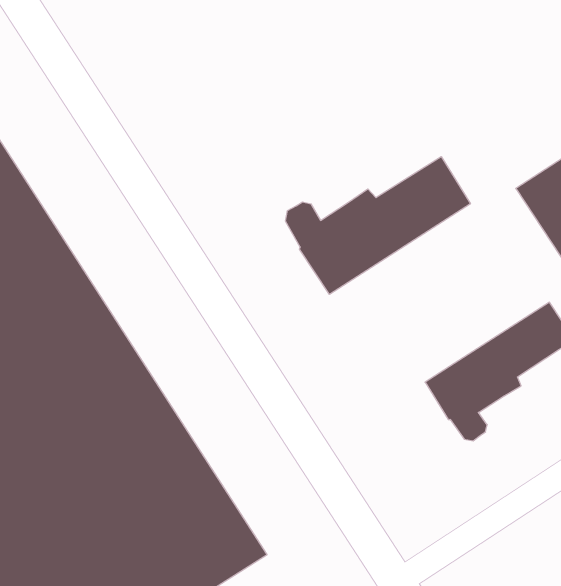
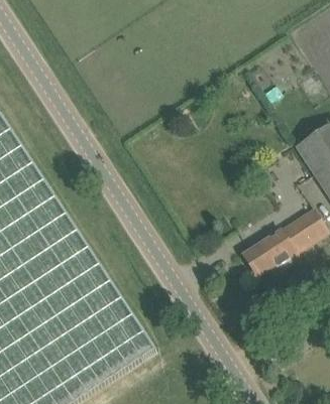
building: [285,157,470,294] -> none

